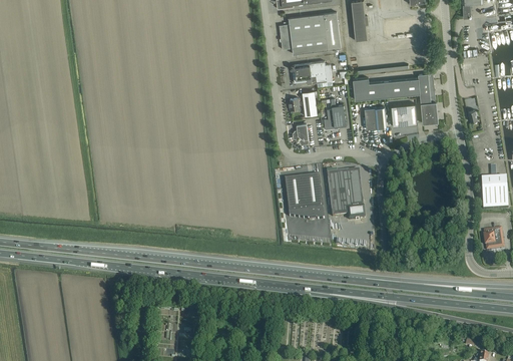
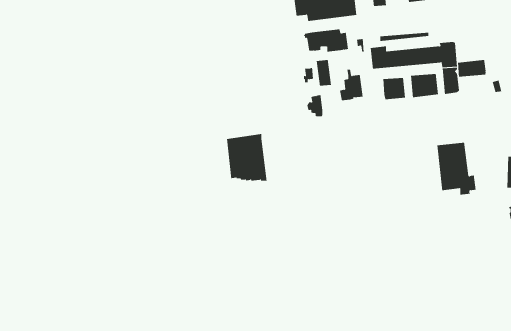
building: none -> [457,59,486,77]
building: [328,170,366,221] -> [436,142,477,195]
building: [286,174,325,220] -> [226,133,268,181]

